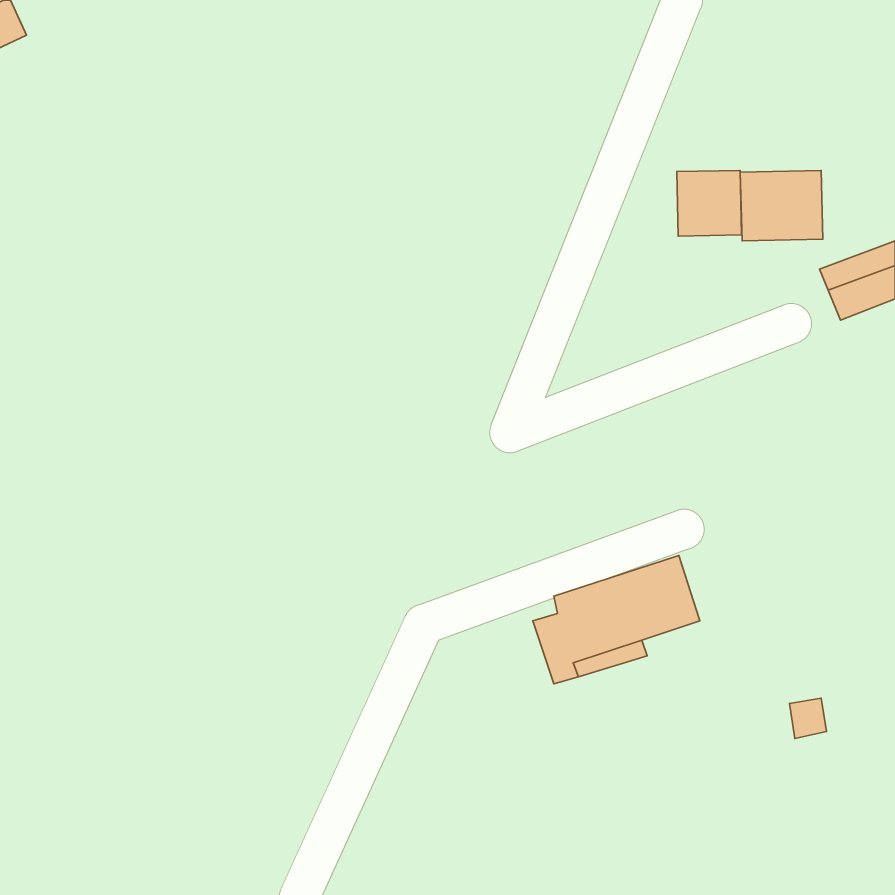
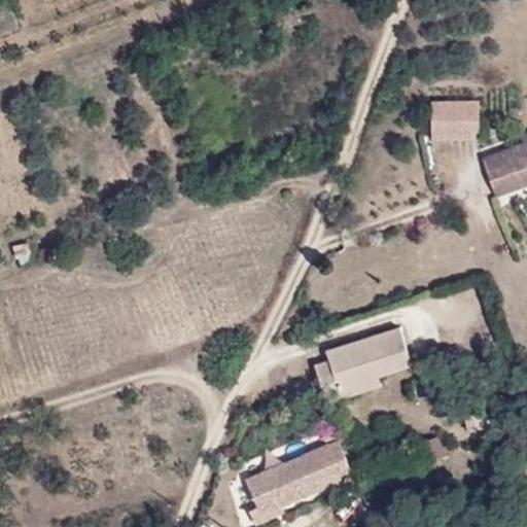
building: [677,170,742,236] -> none
building: none -> [244,442,351,515]

